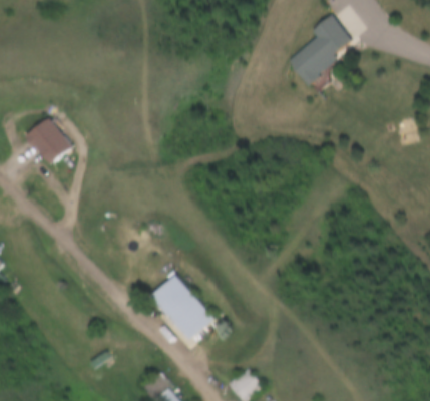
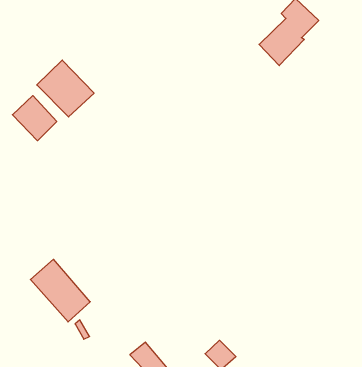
building: none -> [37,60,94,117]
building: [152,276,214,341] -> [30,259,90,322]

